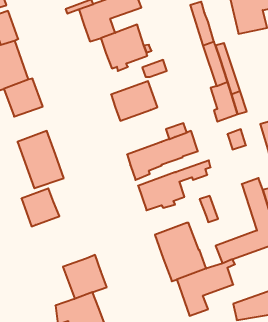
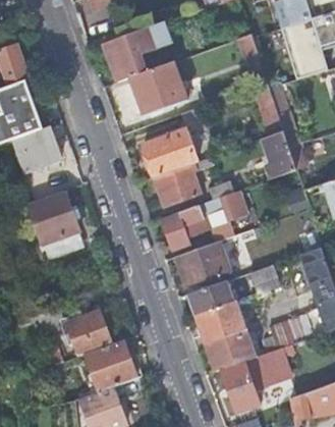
building: none -> [153,165,201,208]
building: [21,188,59,226] -> [66,311,112,357]
building: none -> [186,281,233,316]

